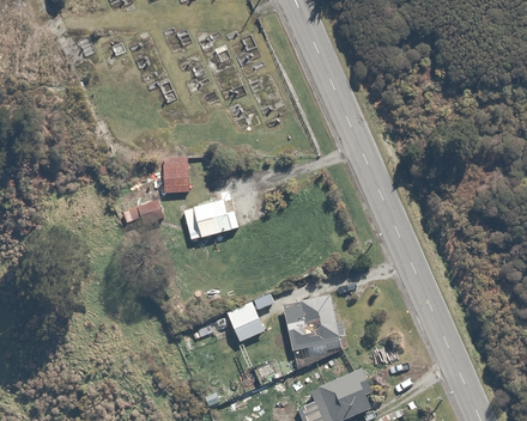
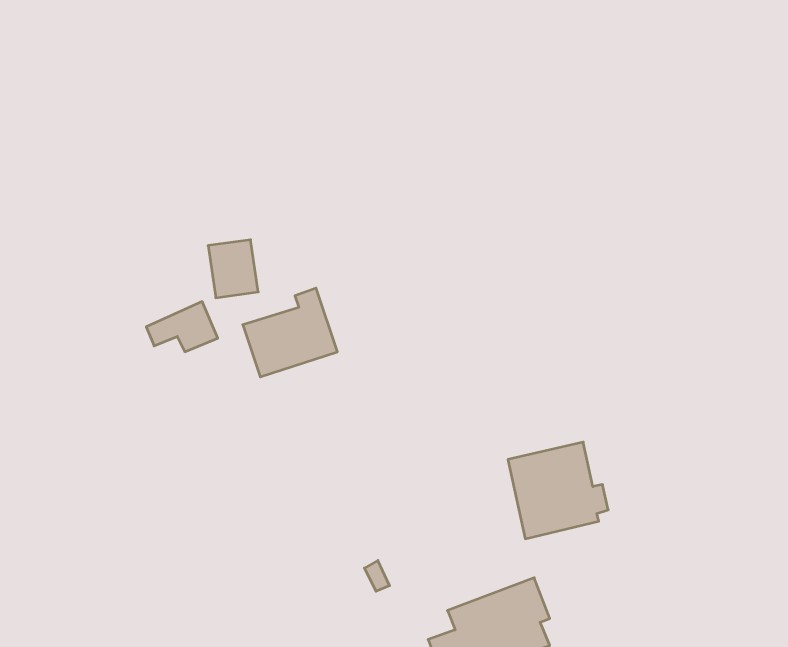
building: [284,295,346,355] -> [508,442,608,539]
building: [226,301,264,342] -> none

